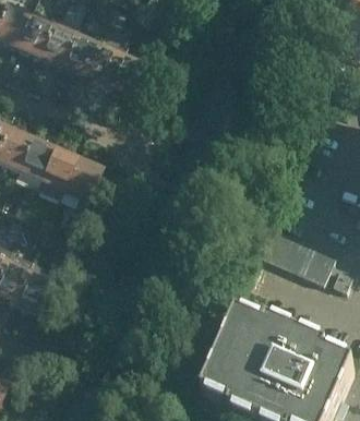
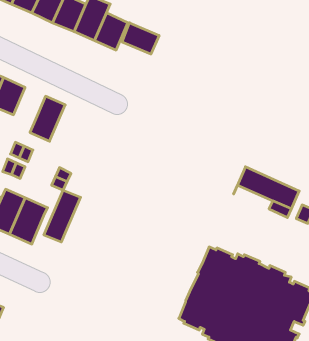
building: none -> [122,23,159,54]
building: [17,137,53,178] -> none
building: [58,157,100,204] -> none
building: none -> [44,190,81,242]

